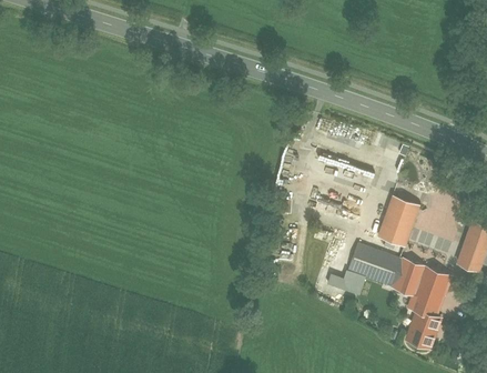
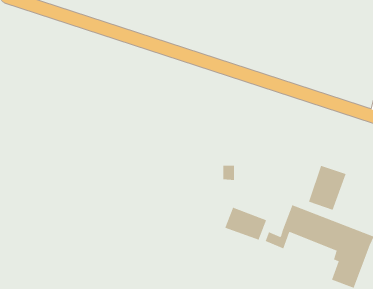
building: none -> [225,207,267,240]

